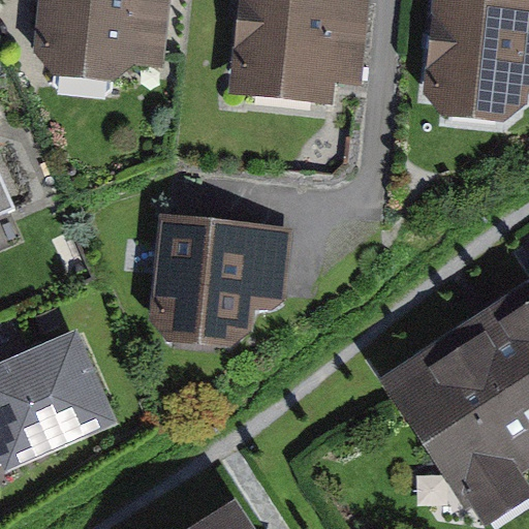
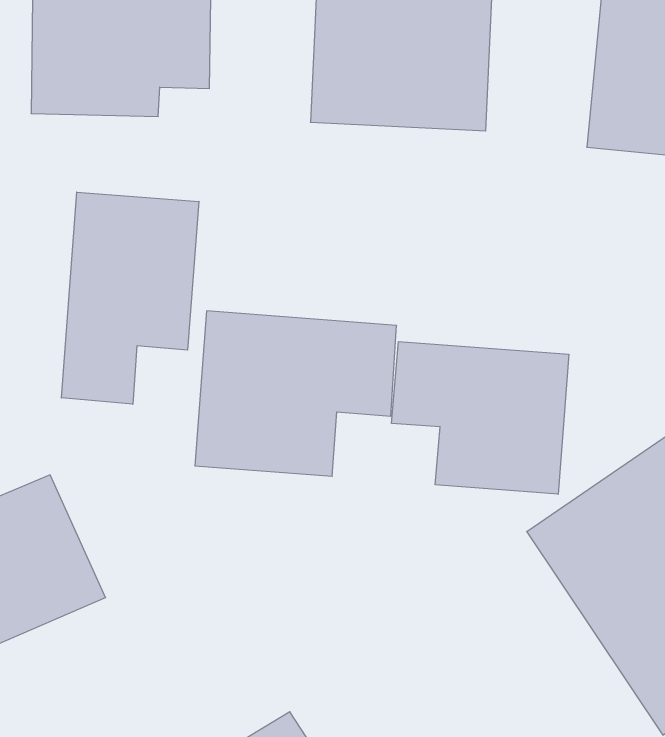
building: none -> [61,192,199,404]
building: none -> [392,342,569,494]

